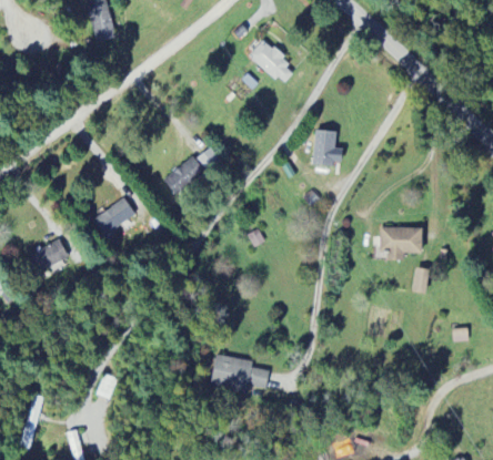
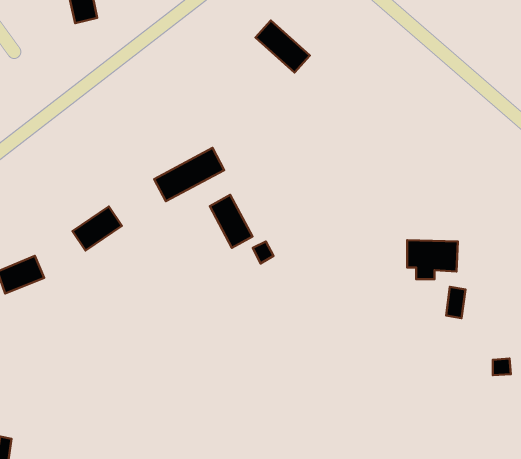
building: [311,127,342,165] -> none
building: none -> [210,195,253,248]
building: [211,354,269,392] -> none

